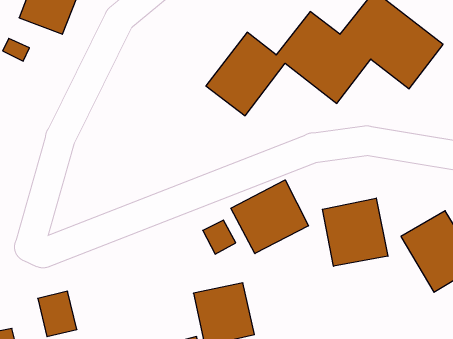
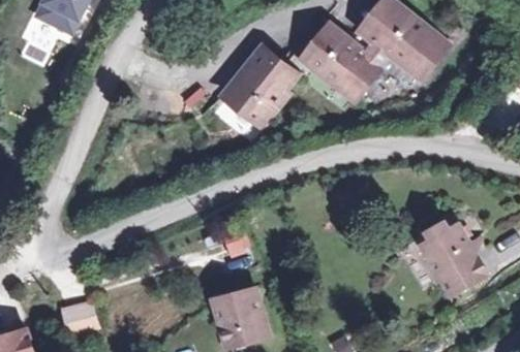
building: [231,180,308,254] -> none
building: [322,198,388,266] -> none

